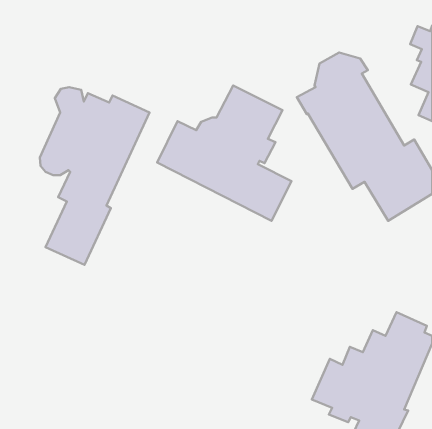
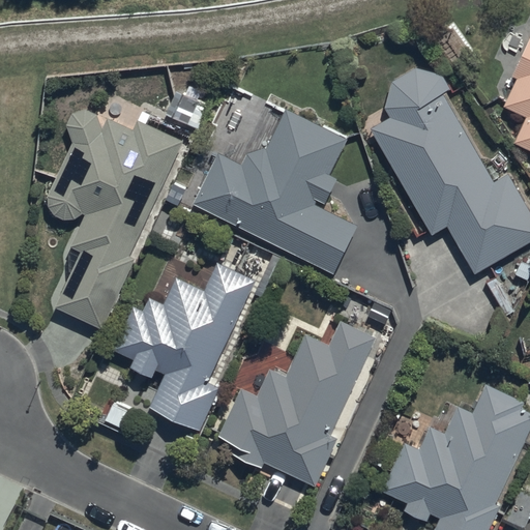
building: none -> [114,264,254,430]
building: none -> [218,322,376,488]

